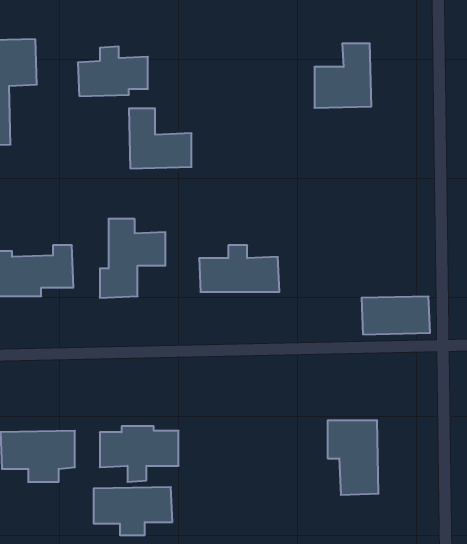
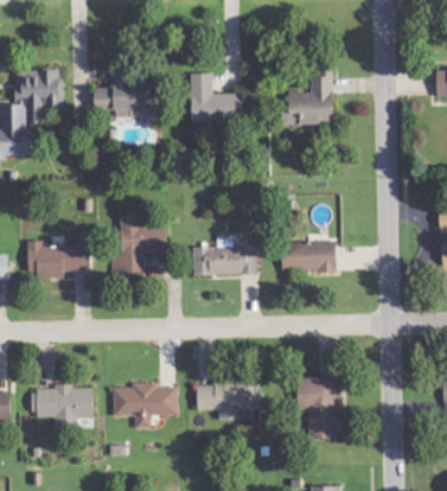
building: [129,108,192,168] -> [191,72,242,121]
building: [361,296,430,334] -> [281,241,337,272]
building: [94,487,172,535] -> [197,381,261,420]

